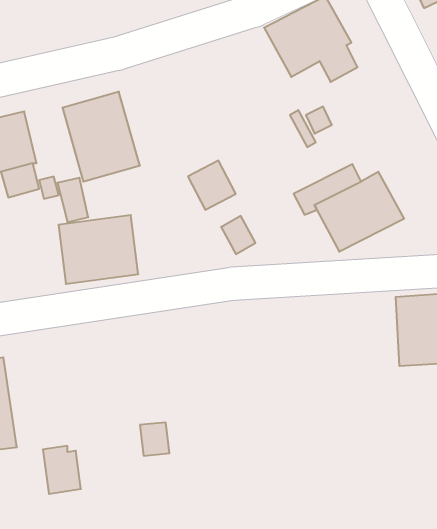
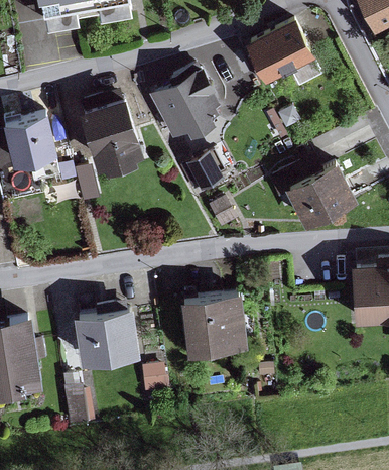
building: none -> [150,68,223,138]
building: [58,215,138,284] -> [74,309,139,365]
building: none -> [181,292,248,357]

